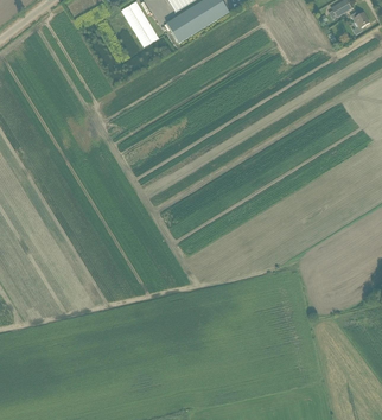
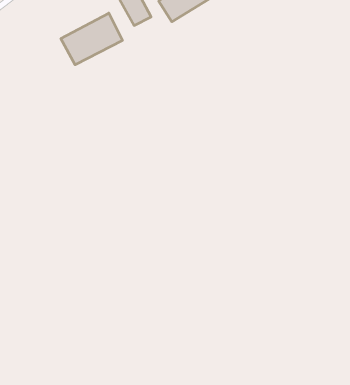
building: none -> [61,13,122,65]

